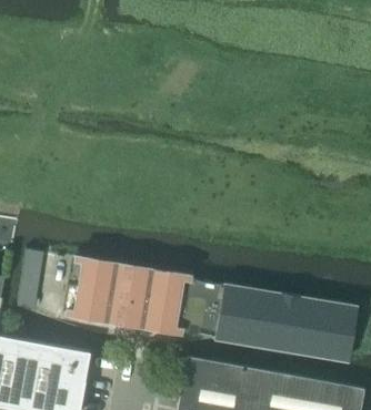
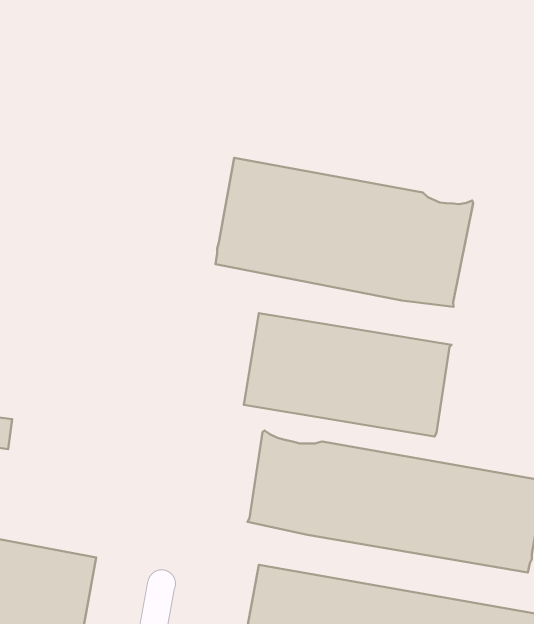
building: none -> [215,158,473,307]
building: [67,258,190,331] -> [244,313,451,436]

